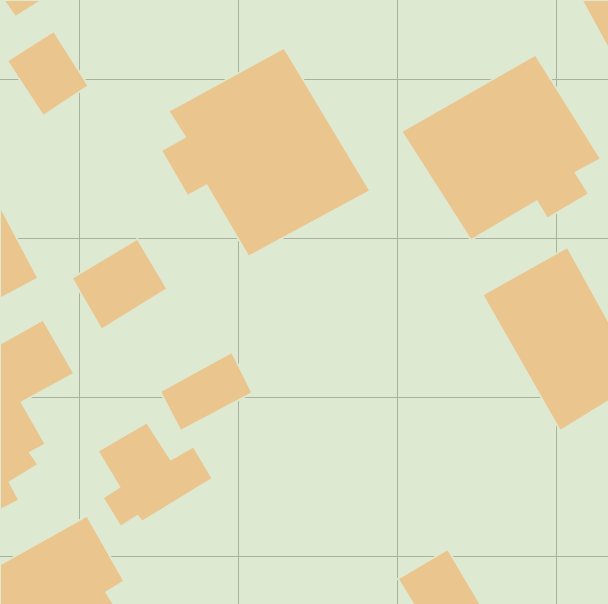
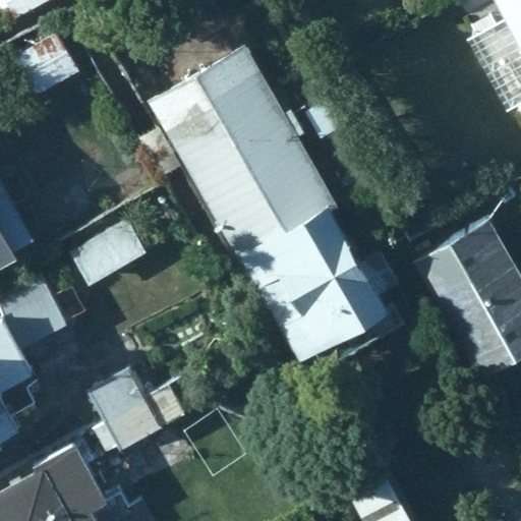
building: [402,55,601,240] -> none
building: none -> [214,168,397,374]

